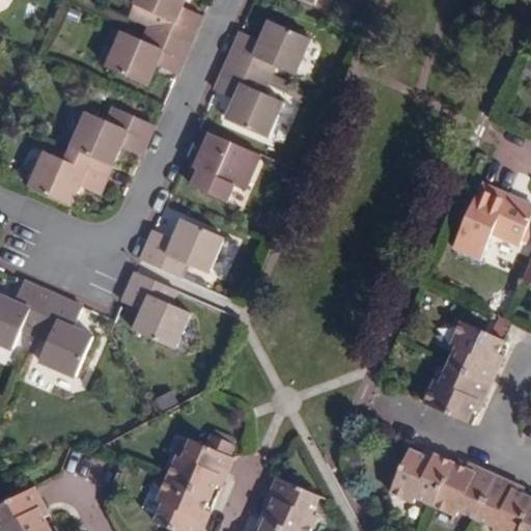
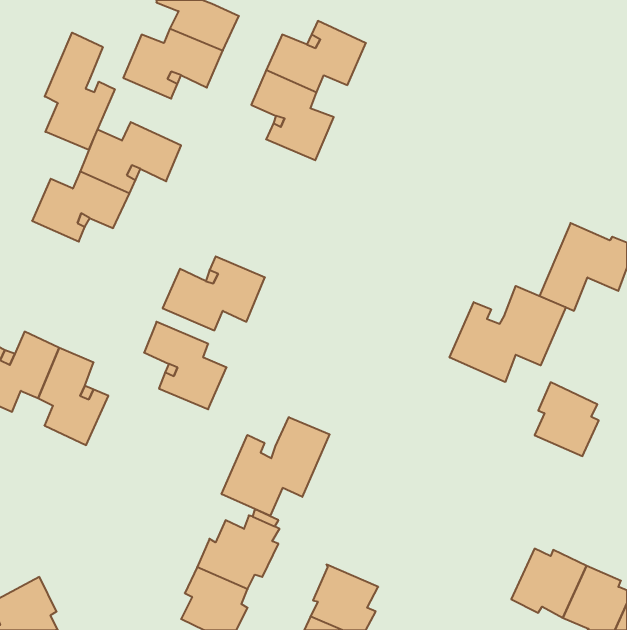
building: none -> [45,33,115,150]
building: [191,133,261,200] -> none
building: none -> [450,286,566,382]
building: none -> [222,417,330,516]
building: [427,366,491,423] -> none
building: [387,449,450,504] -> none

